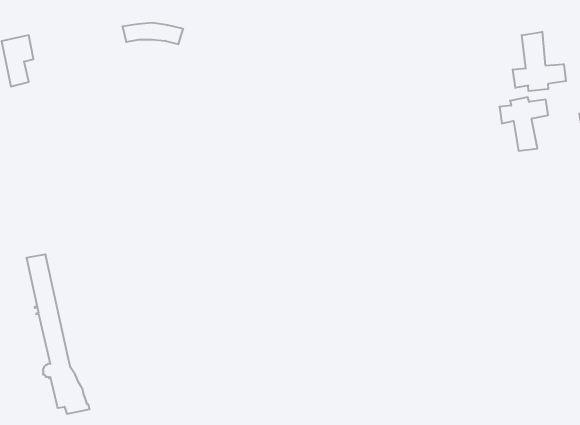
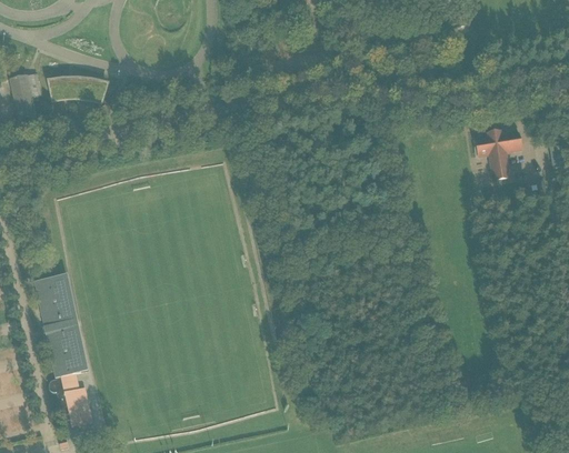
building: [122,23,183,44] -> [51,81,108,101]
building: [513,32,566,91] -> none

